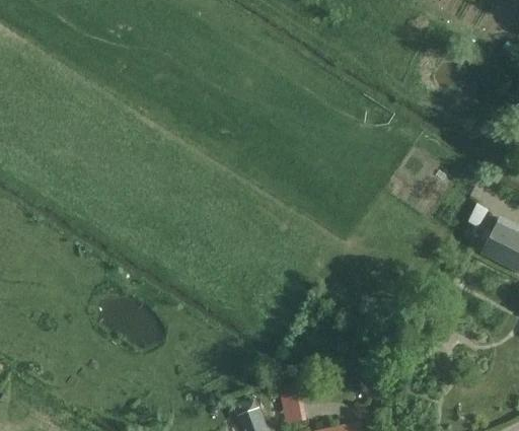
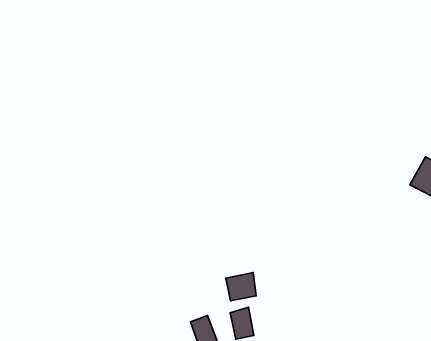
building: none -> [226,273,256,301]

